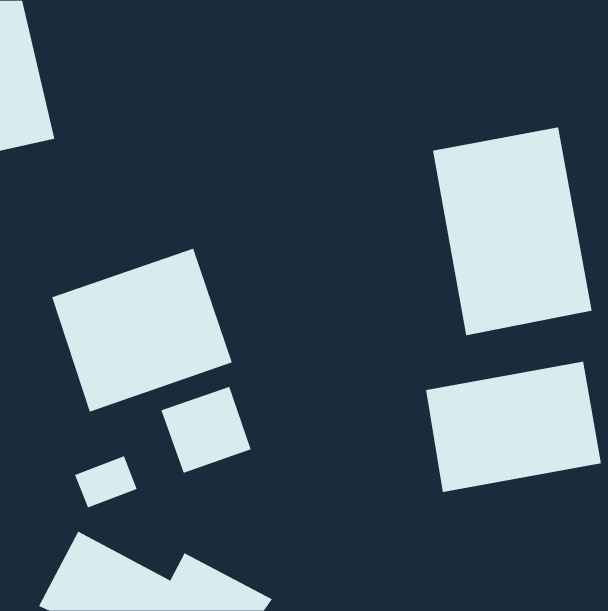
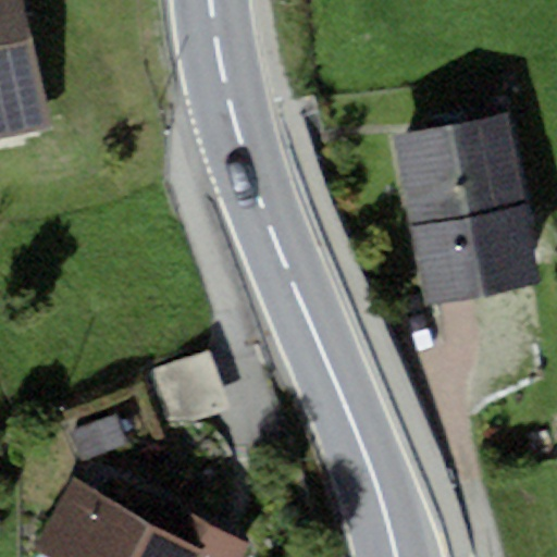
building: [51,248,233,412] -> none
building: [425,361,601,493] -> none

